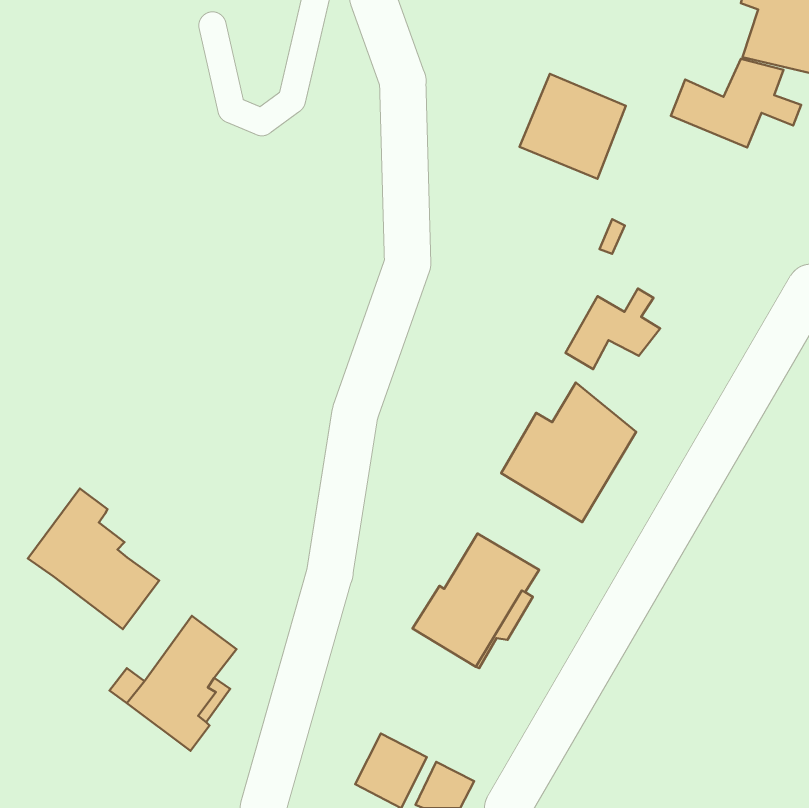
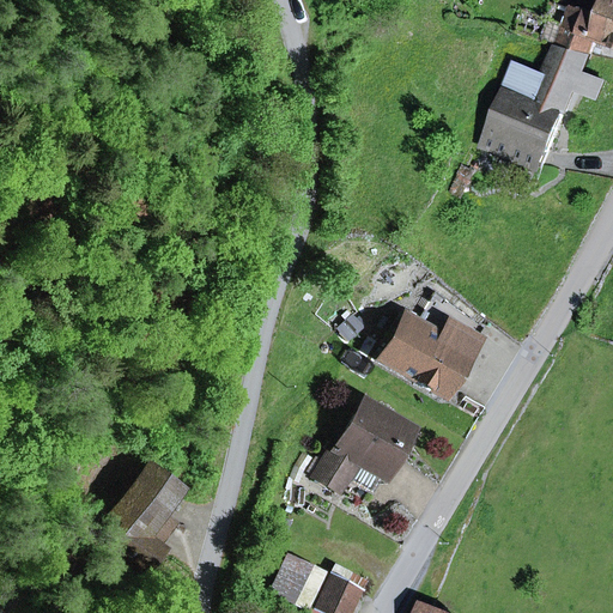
building: [520,74,626,179] -> [485,87,565,166]
building: [566,289,660,369] -> none
building: [28,489,159,629] -> none

